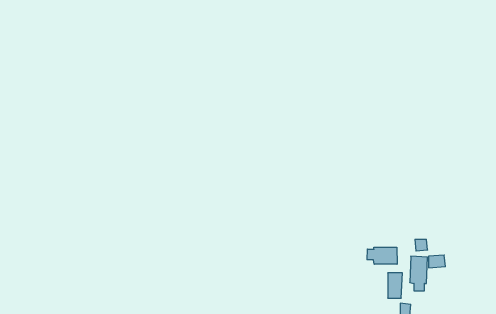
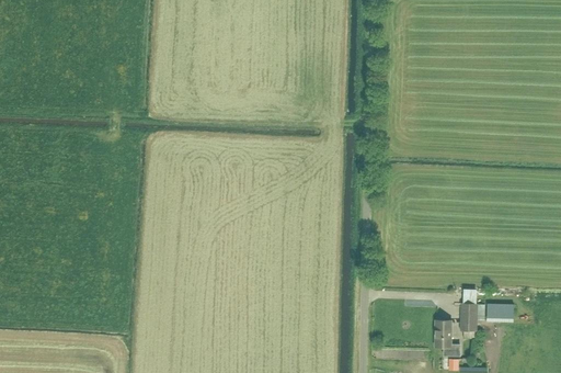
building: [367,247,397,264] -> none

